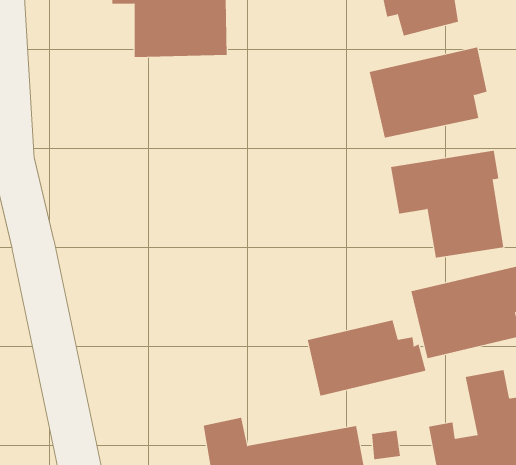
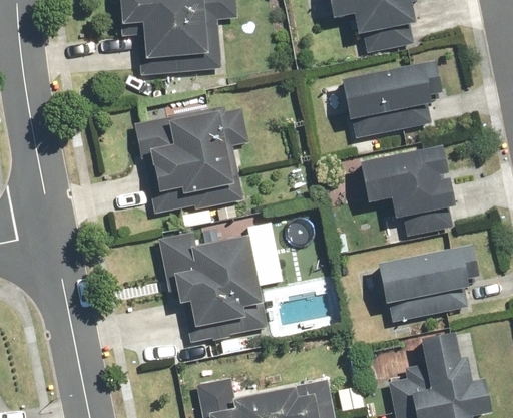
building: none -> [137,103,252,213]
building: none -> [161,232,270,344]
building: [307,319,426,396] -> none

